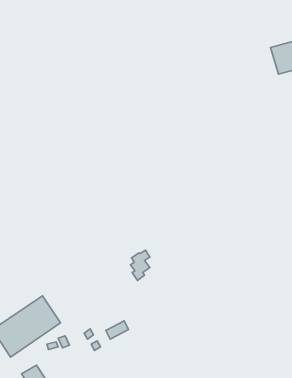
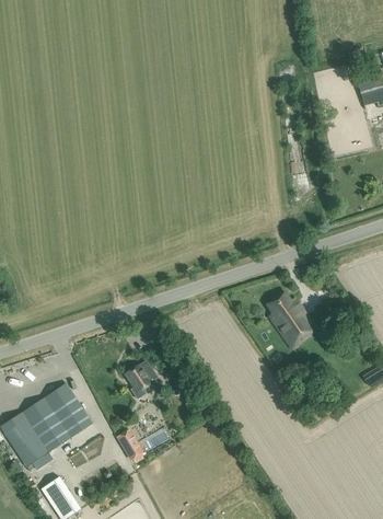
building: none -> [267,290,317,346]
building: [131,250,150,280] -> [127,359,151,397]

